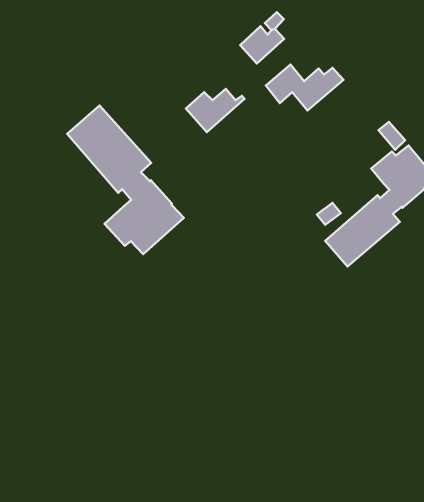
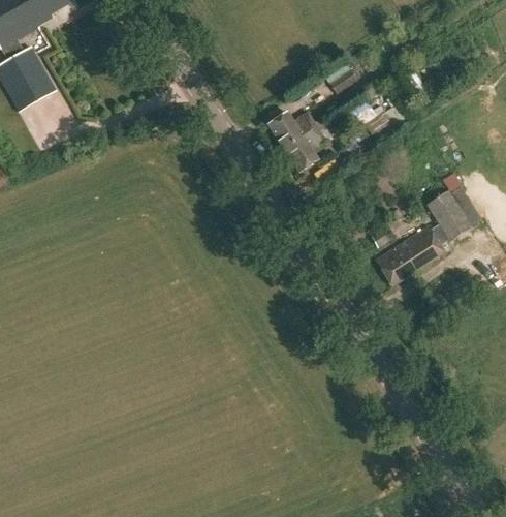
building: none -> [283,124,326,173]
building: [67,105,184,254] -> none

